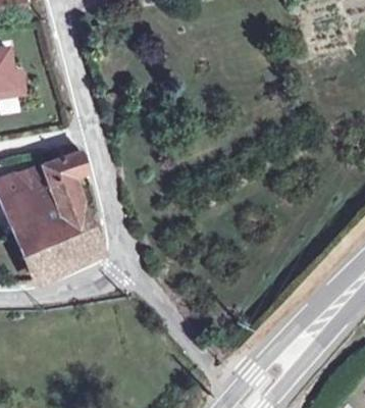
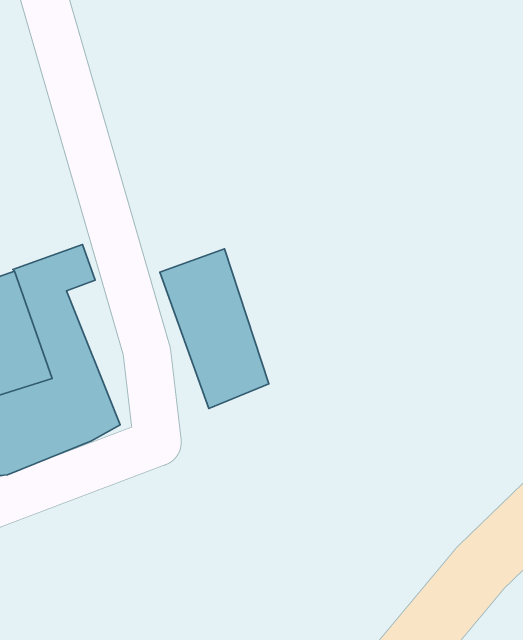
building: none -> [160,249,269,408]

